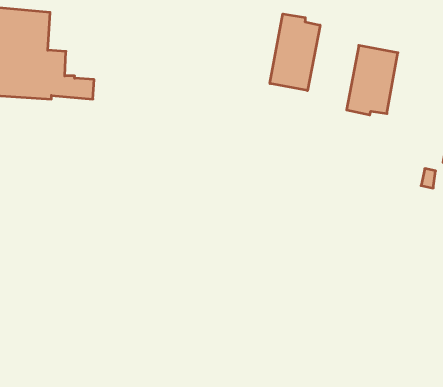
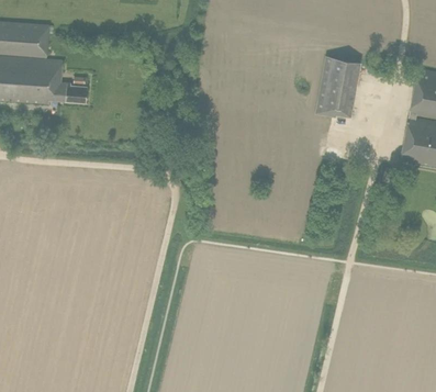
building: [270,14,320,91] -> none

